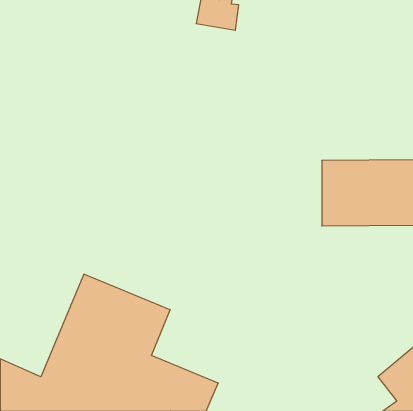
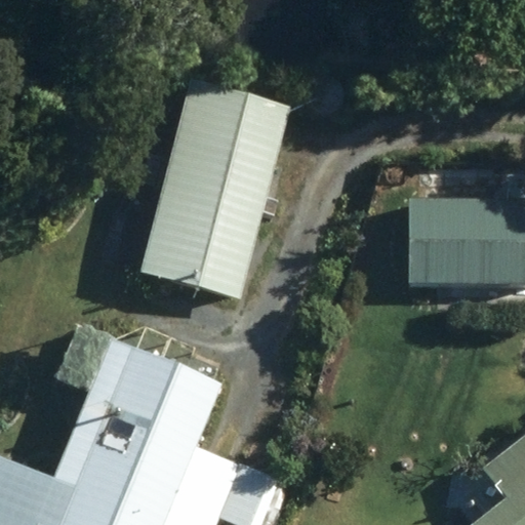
building: none -> [138,84,289,299]

